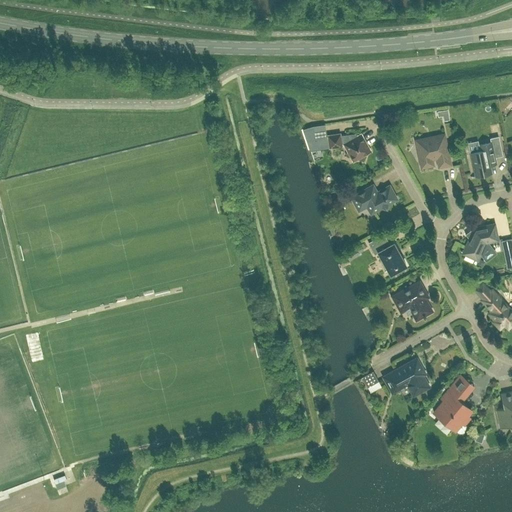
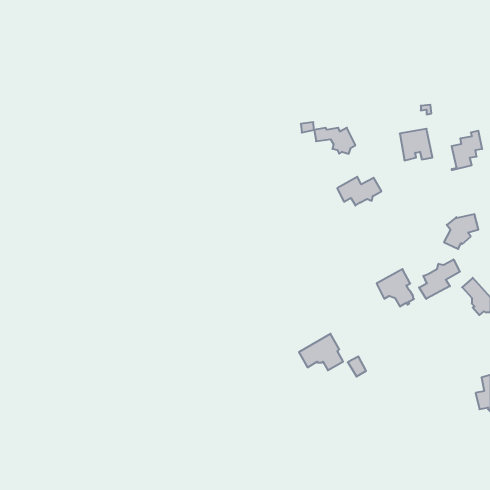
building: [369,235,407,275] -> none
building: none -> [419,259,460,299]
building: [384,358,430,396] -> [299,334,343,370]
building: [434,375,473,431] -> none

